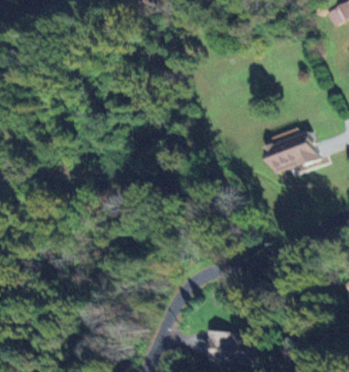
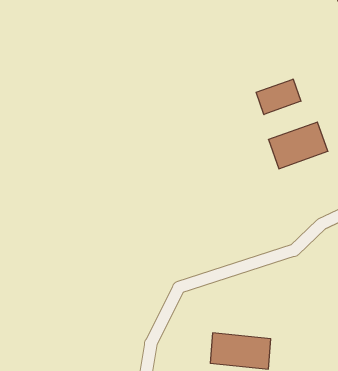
building: none -> [256,79,301,115]

